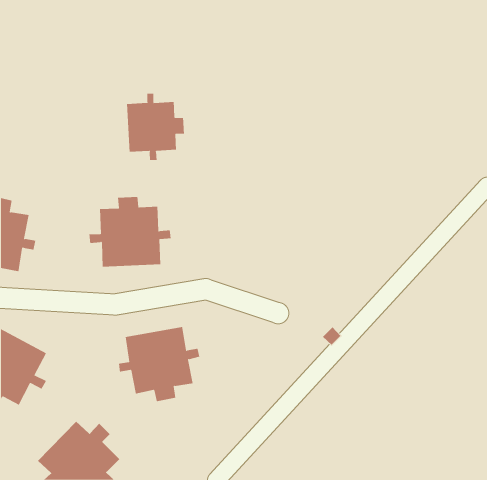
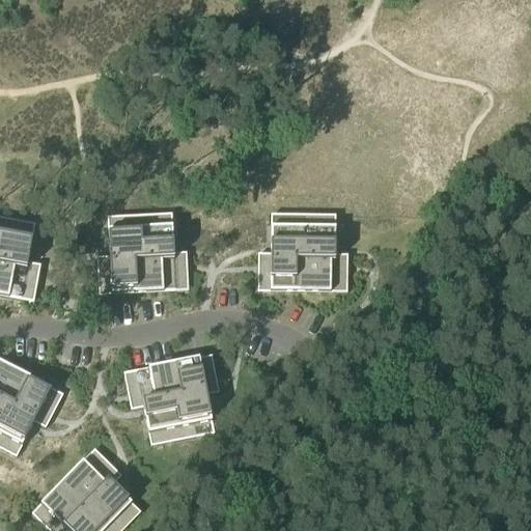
building: [127,93,184,161] -> none
building: none -> [257,213,347,288]

